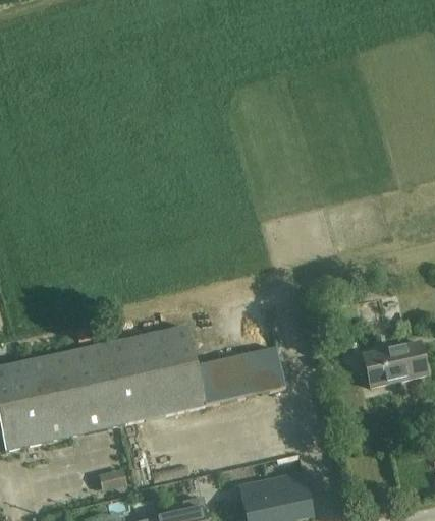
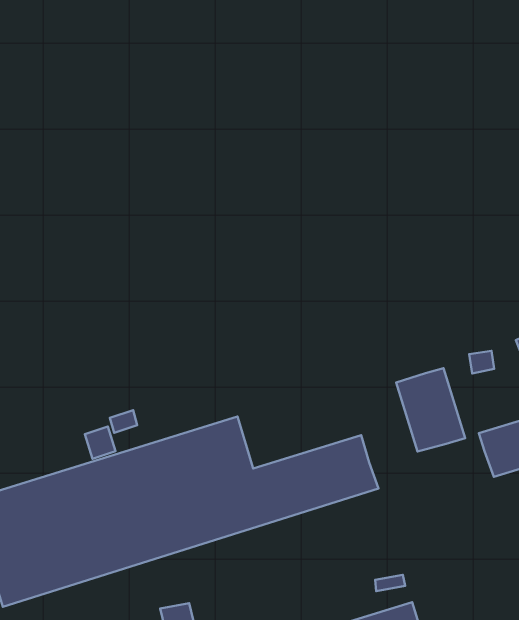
building: none -> [396,368,465,451]

